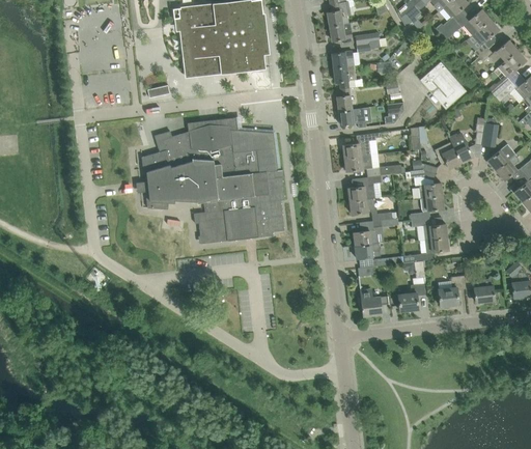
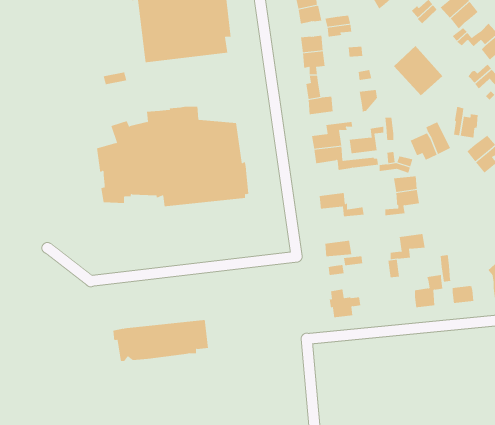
building: [347,175,381,201] -> [349,126,384,154]
building: [194,203,284,243] -> [113,319,209,362]
building: [411,218,447,240] -> none
building: [354,219,392,246] -> none
building: [398,283,425,311] -> none

